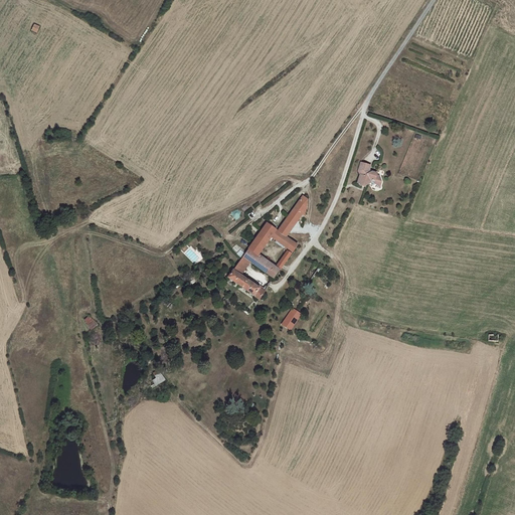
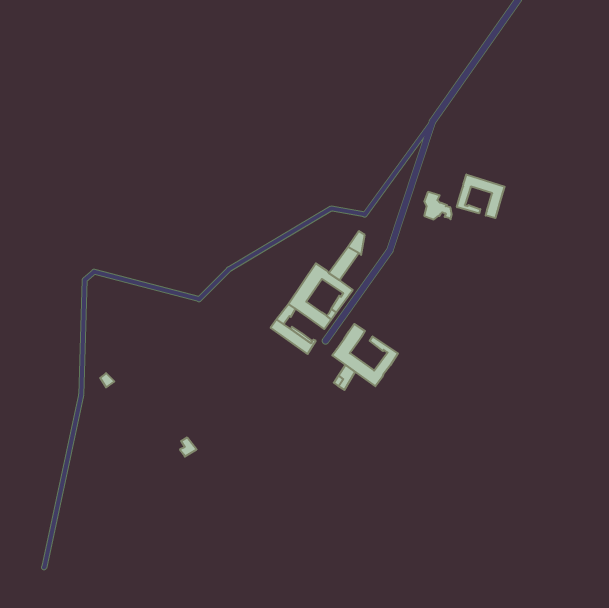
building: none -> [457,174,505,218]
building: none -> [332,324,398,386]

